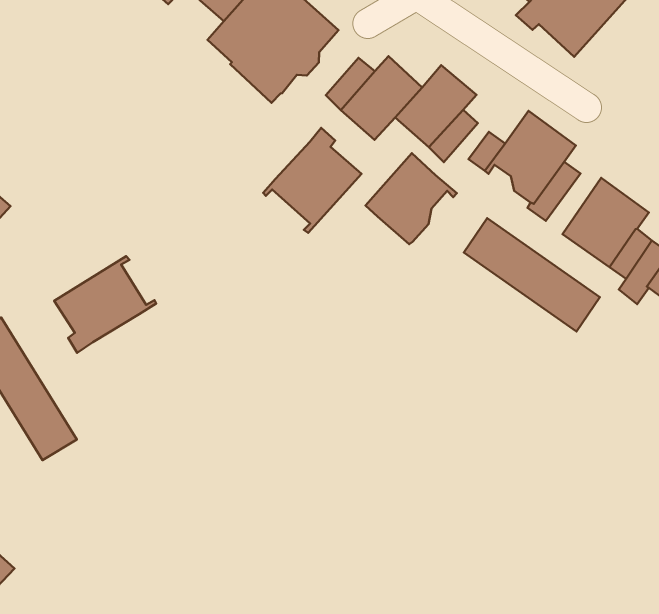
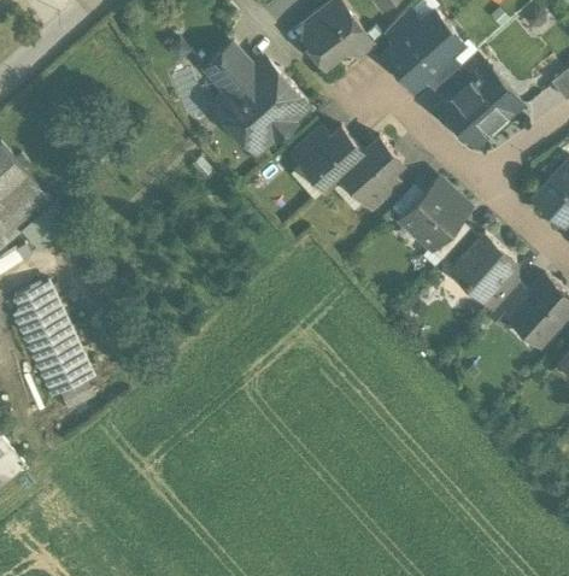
building: [263,128,361,233] -> none
building: [366,153,457,244] -> none
building: [464,218,600,332] -> none
building: [54,256,156,353] -> none

